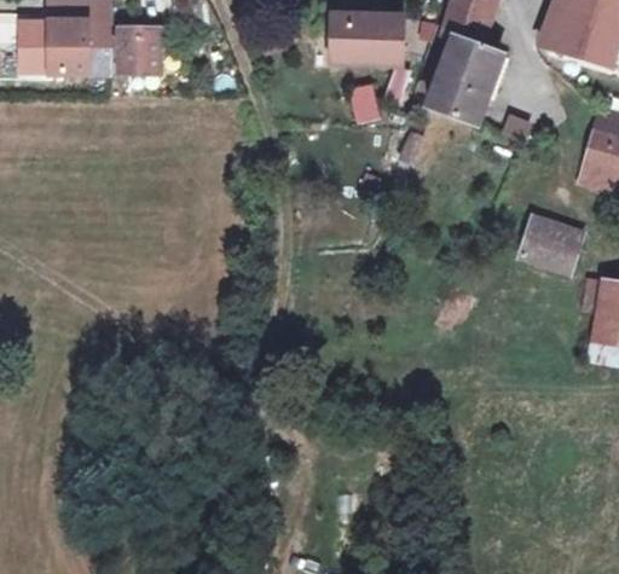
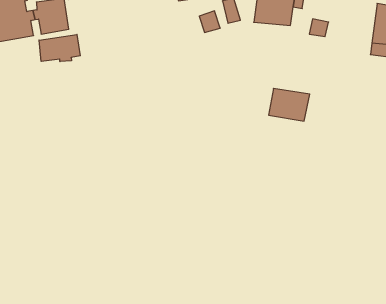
building: none -> [39,34,80,62]
building: [521,220,584,273] -> [269,88,310,121]

